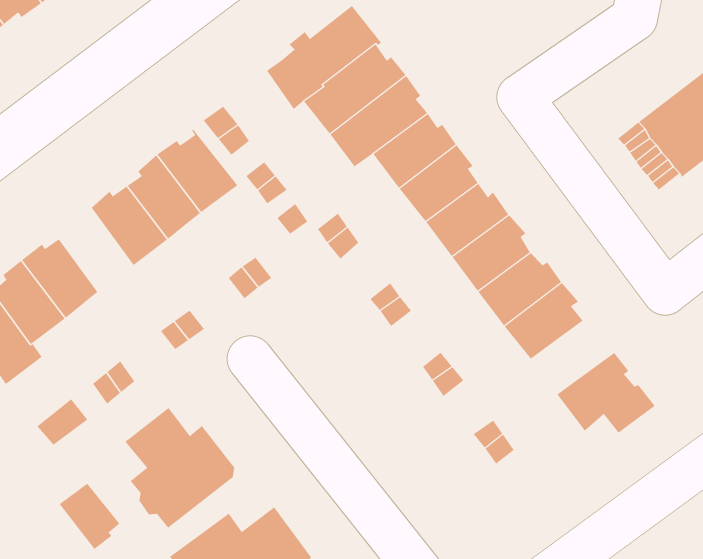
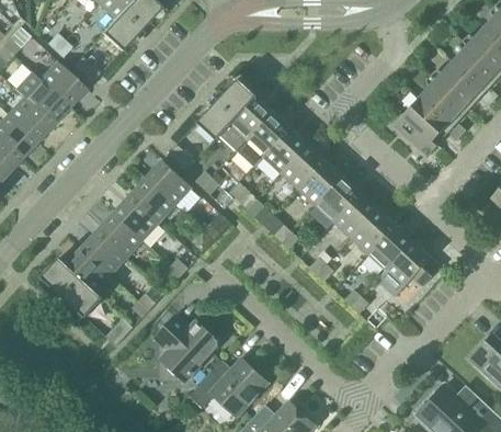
building: none -> [100,213,143,258]
building: none -> [367,227,412,270]
building: [59,483,120,550] -> none

